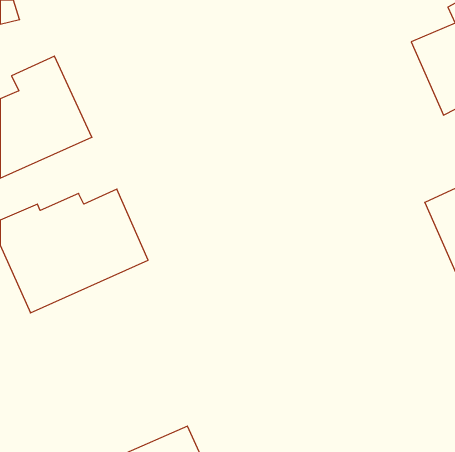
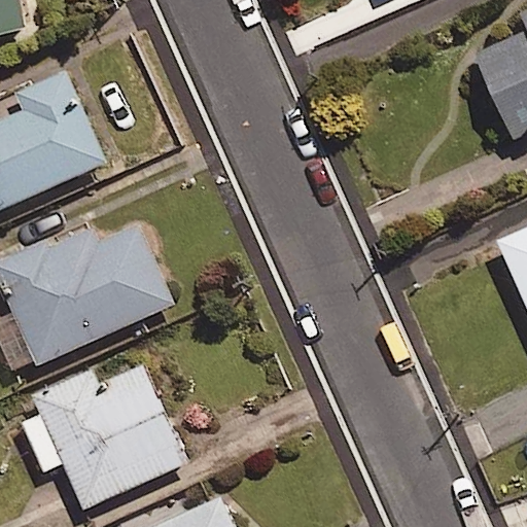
building: none -> [20,364,187,512]

